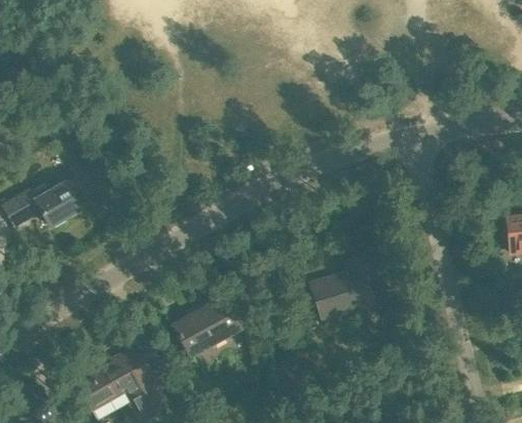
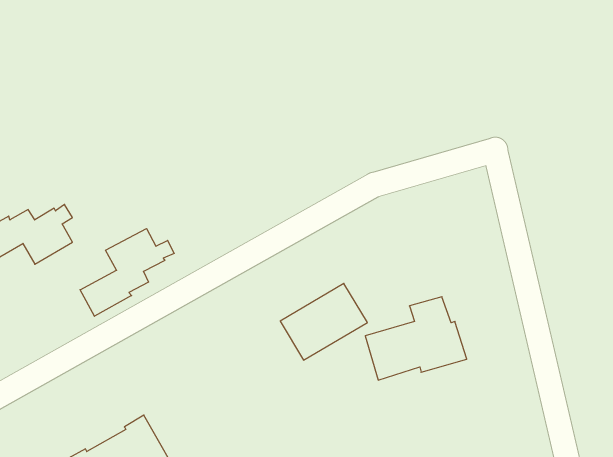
building: none -> [80,229,174,316]
building: [172,297,240,357] -> [280,283,367,360]

